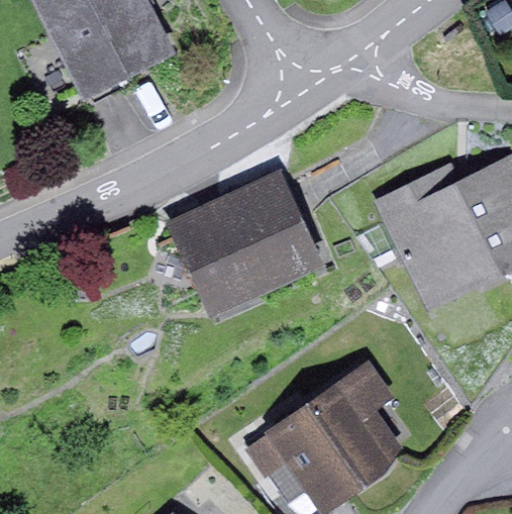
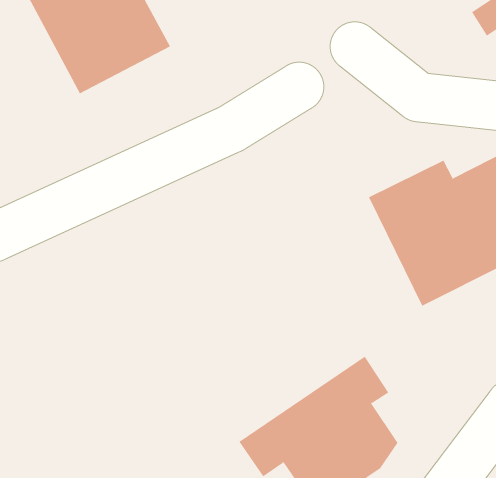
building: [169,171,326,319] -> none

